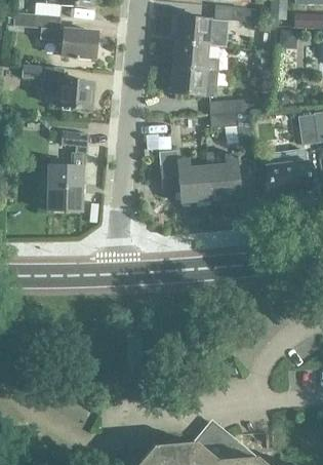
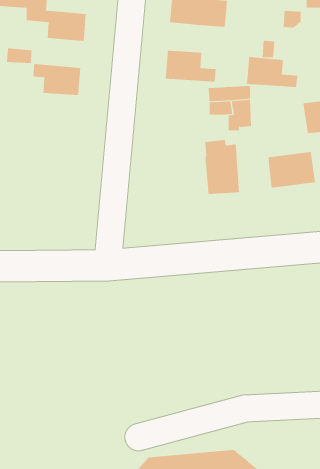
building: [172,41,220,70] -> [246,57,298,88]
building: [48,130,89,211] -> none
building: [159,150,210,203] -> none

